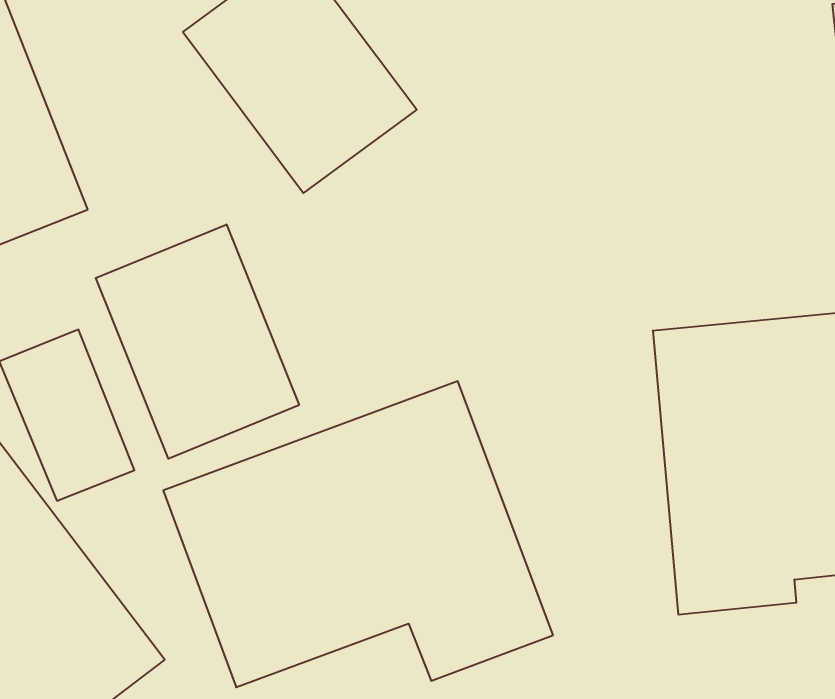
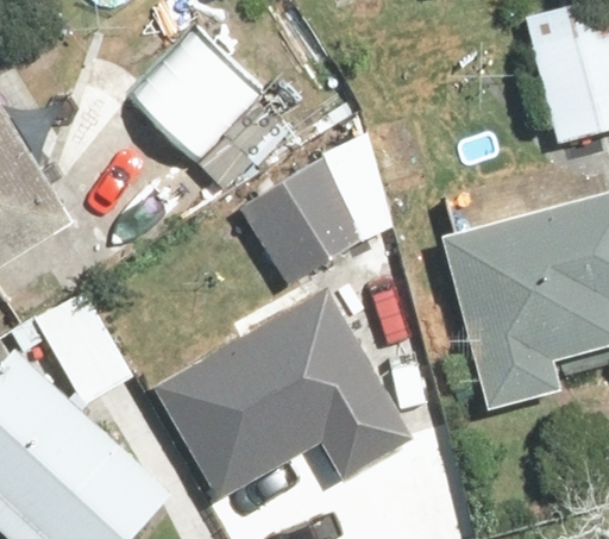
building: none -> [236,149,372,286]
building: [96,224,299,459] -> none

